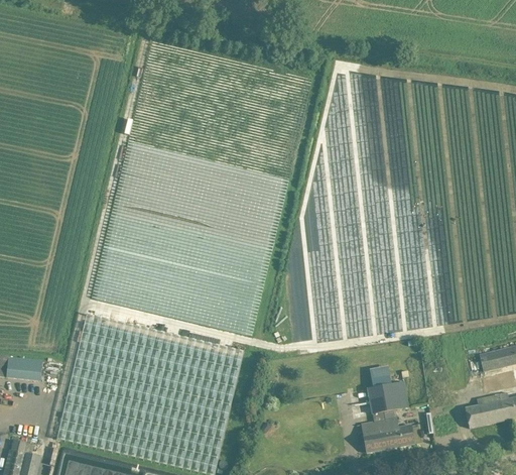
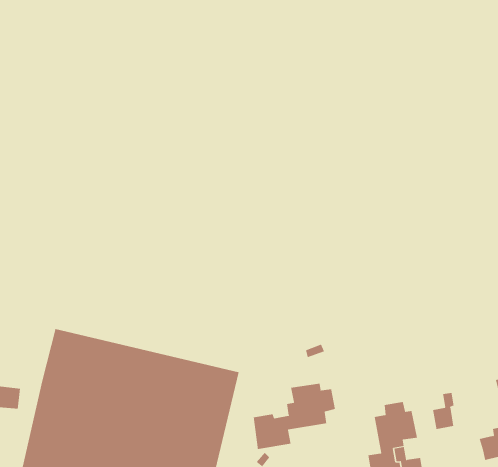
building: none -> [253,383,335,450]
building: none -> [433,392,454,430]

